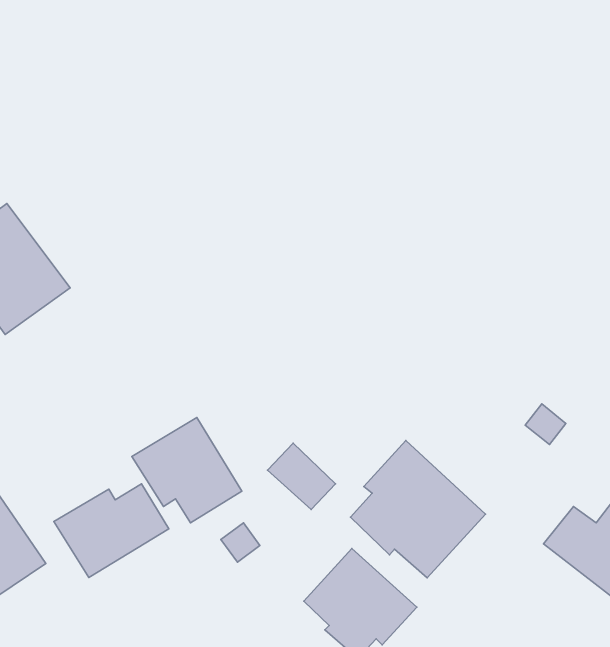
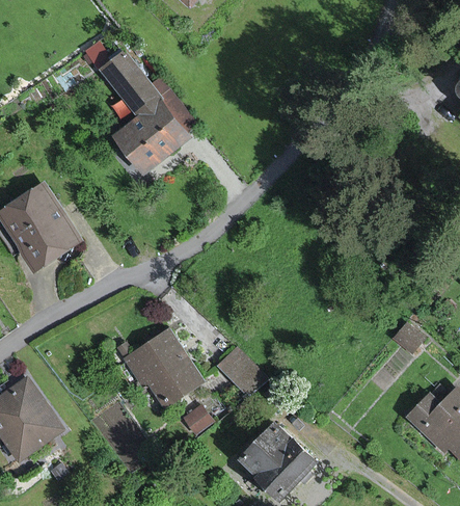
building: none -> [98,49,191,174]
building: [350,441,486,578] -> none
building: [54,484,169,578] -> none

